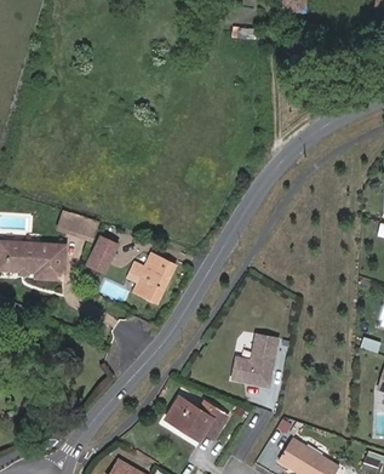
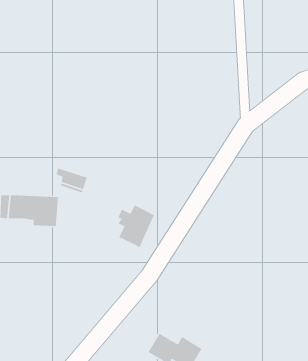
building: [86,235,118,273] -> none
building: [231,332,277,386] -> none

